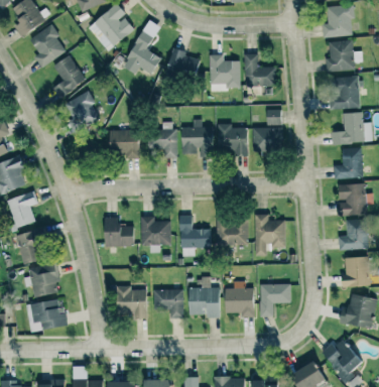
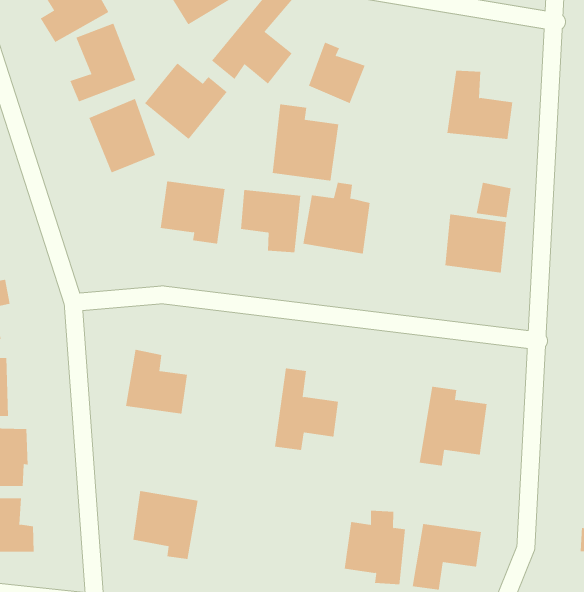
building: [211,54,242,90] -> [272,104,339,181]
building: none -> [144,62,228,140]
building: [218,123,247,156] -> none
building: [142,216,172,252] -> none
building: [217,219,249,246] -> none
building: [188,278,220,316] -> none
building: [154,289,184,317] -> none

